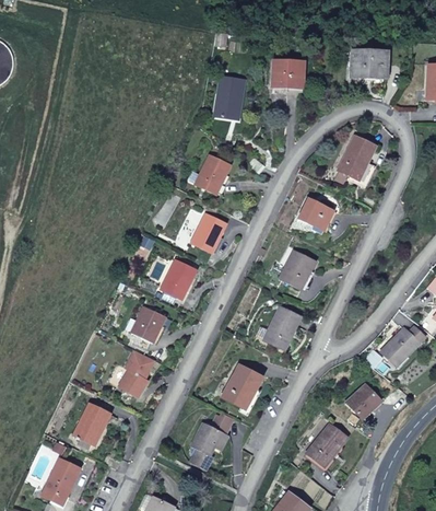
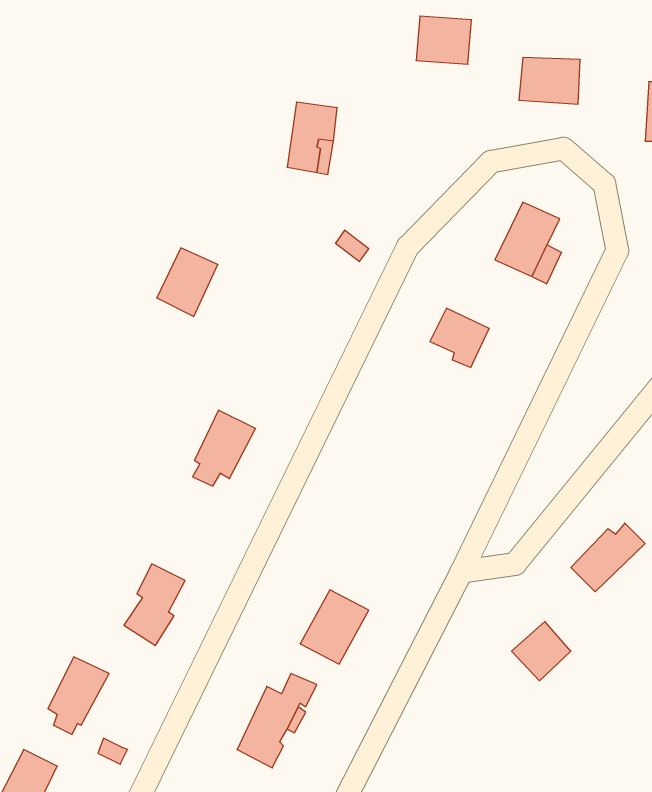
building: [271,60,304,89] -> [416,16,472,64]
building: [195,154,231,195] -> [157,248,218,317]
building: [191,213,226,253] -> none
building: [279,249,315,288] -> none
building: [126,305,165,349] -> none
building: [262,306,302,349] -> none
building: [307,423,347,465] -> none

